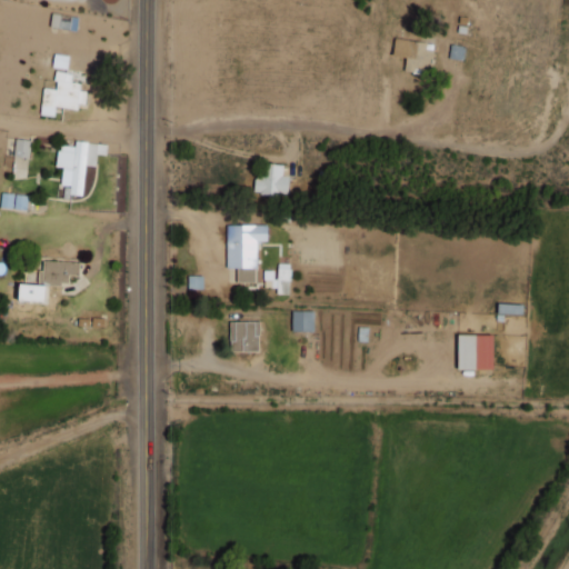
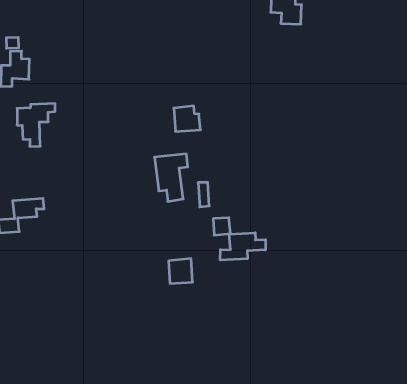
building: [230,322,260,352] -> [169,259,193,283]
building: none -> [220,233,266,260]
building: [458,336,495,370] -> none

